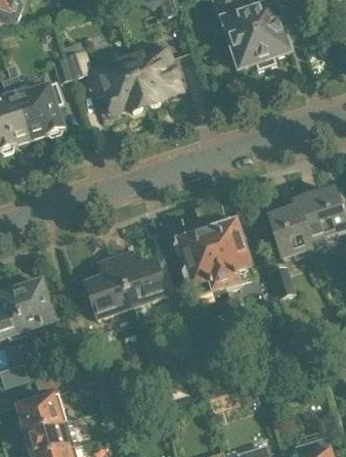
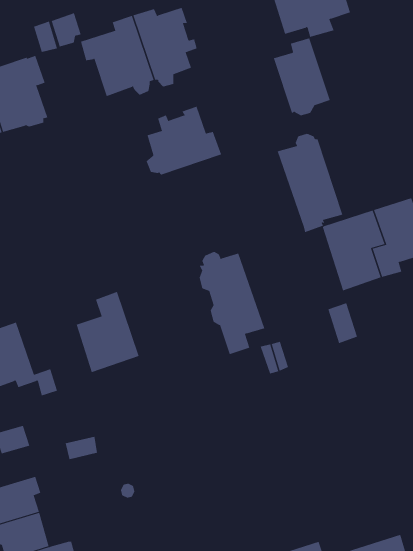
building: none -> [273,37,331,116]
building: none -> [146,106,222,175]
building: [206,216,255,289] -> [277,133,343,233]
building: [116,253,168,306] -> none

